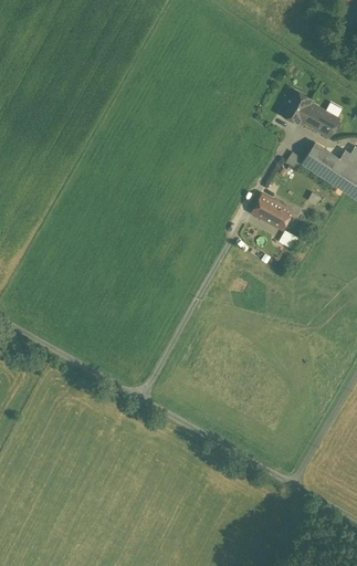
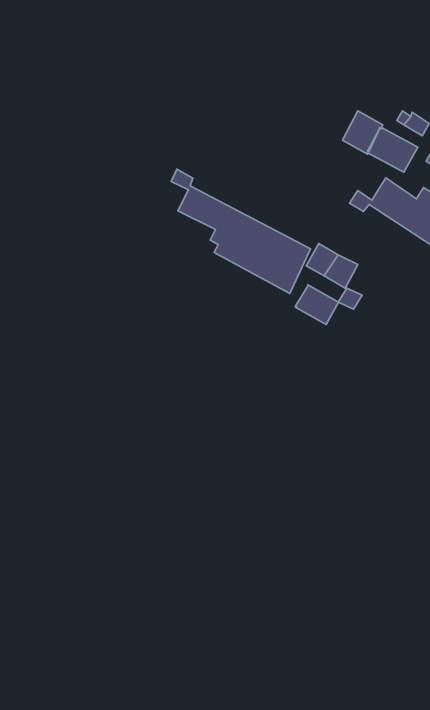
building: none -> [171,169,311,294]
building: none -> [295,285,338,324]

